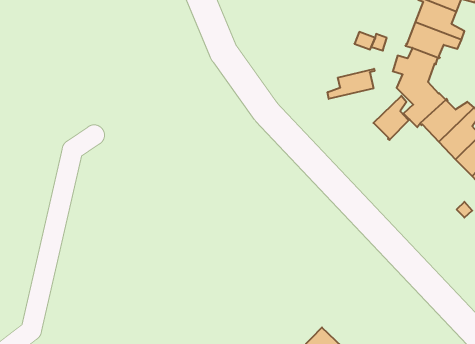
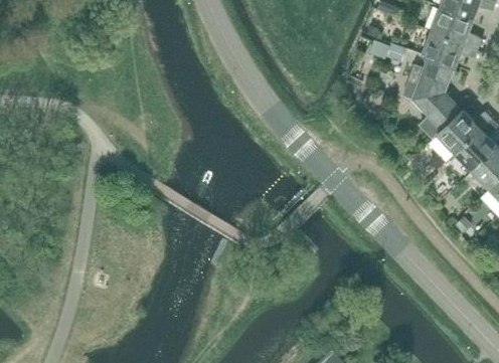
building: [328,69,374,99] -> none
building: [373,96,410,140] -> none

